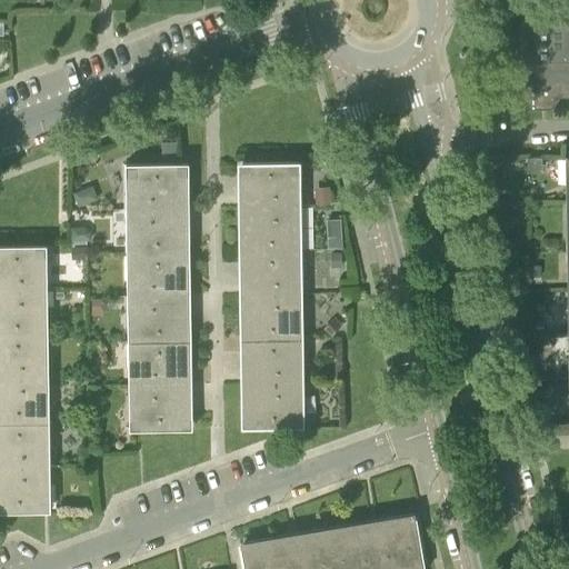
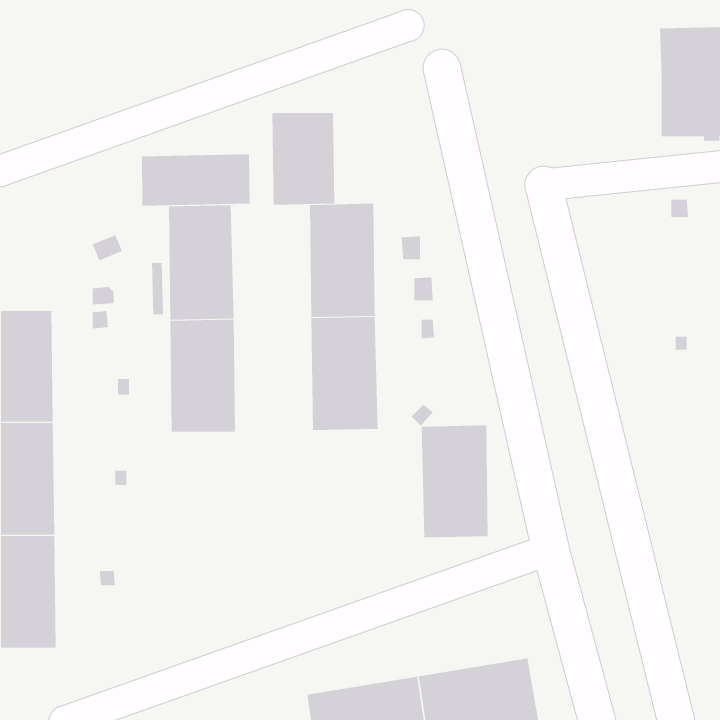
building: none -> [272,112,335,206]
building: none -> [141,153,250,207]
building: [247,339,300,428] -> [421,425,488,538]
building: [136,341,188,429] -> none

